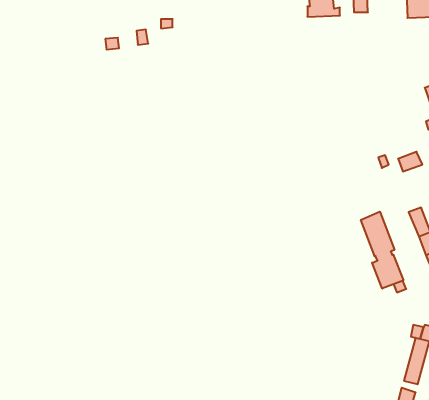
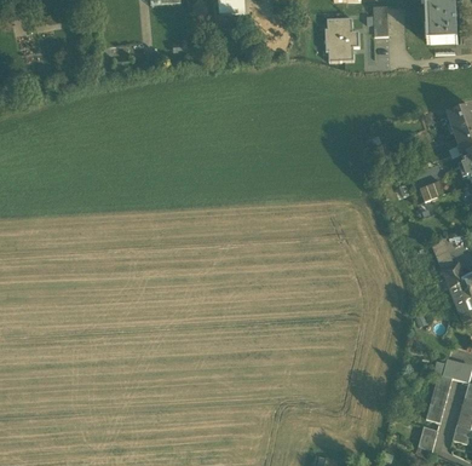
building: none -> [324,38,358,59]
building: [361,212,403,289] -> none

